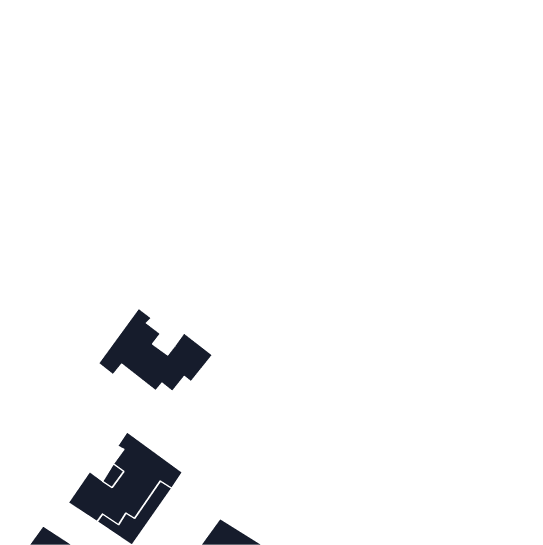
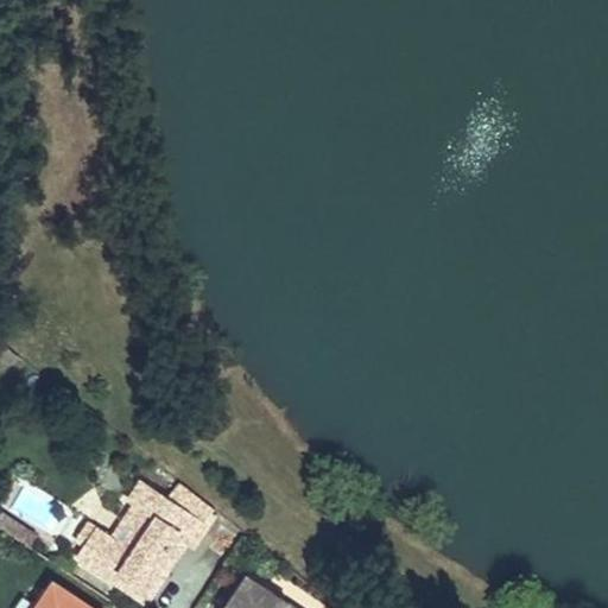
building: [98,308,212,392] -> none

